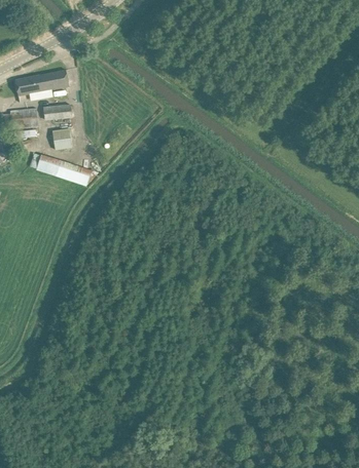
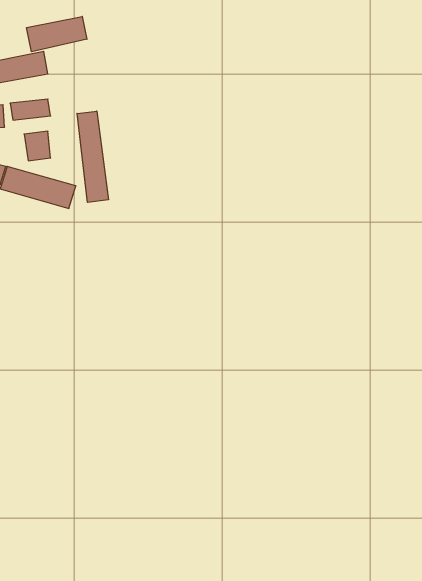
building: none -> [27,16,87,52]
building: none -> [77,111,108,202]

